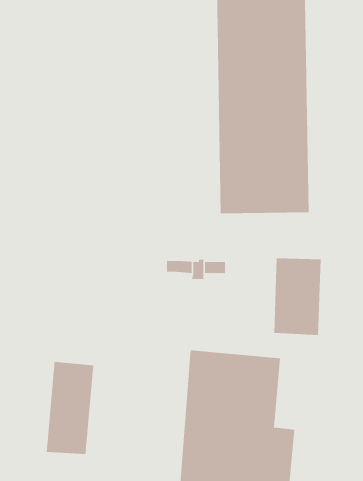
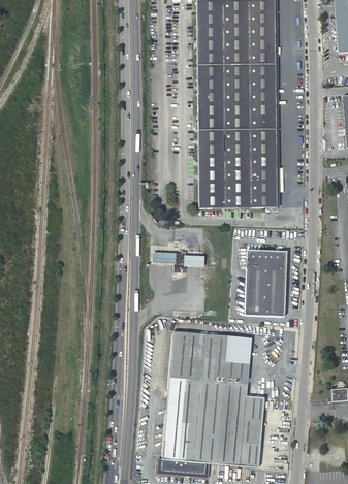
building: [46,361,94,455] -> none

